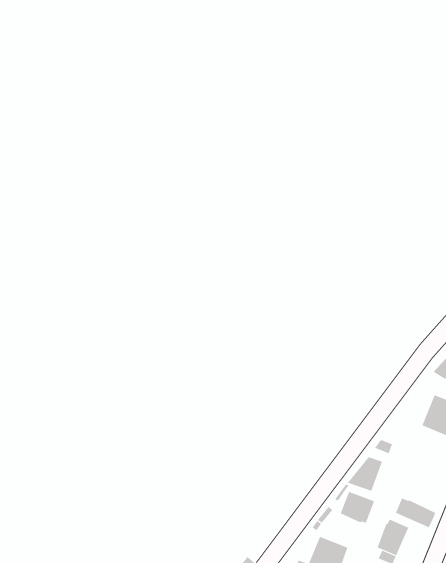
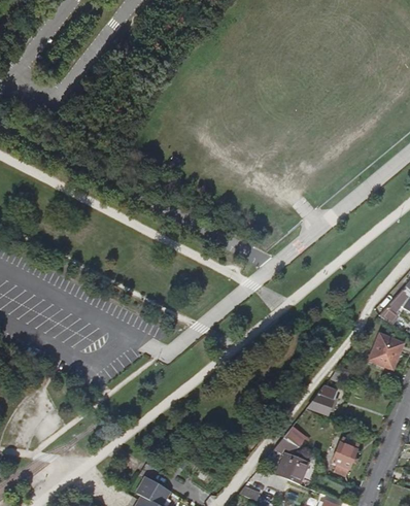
building: [340,491,375,524] -> none
building: [395,498,436,528] -> none

